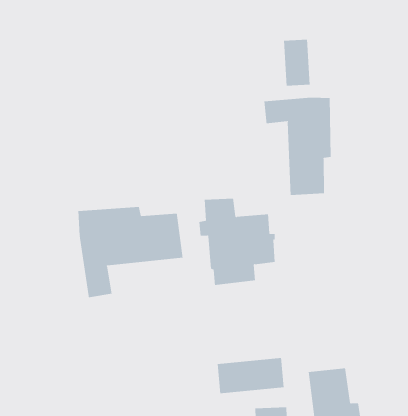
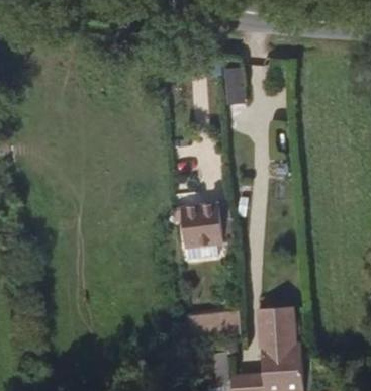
building: [264,97,331,196] -> none
building: [78,206,183,298] -> none

